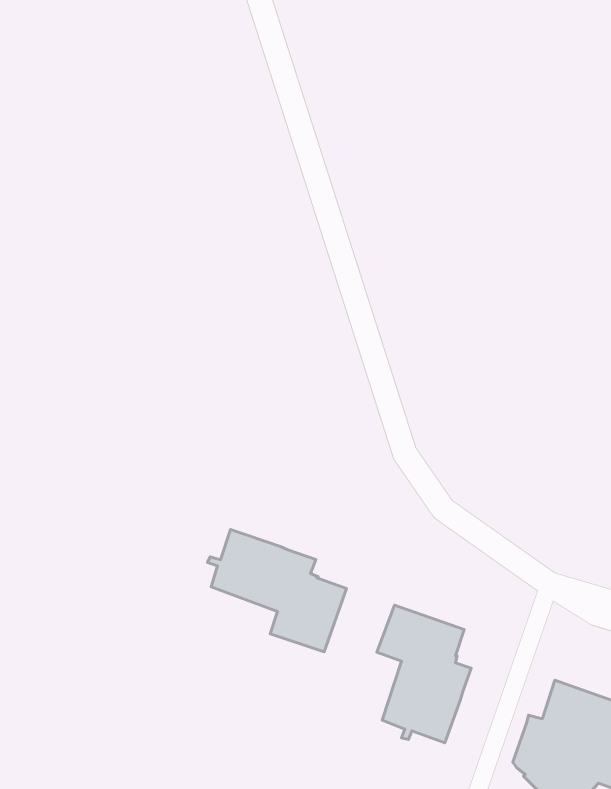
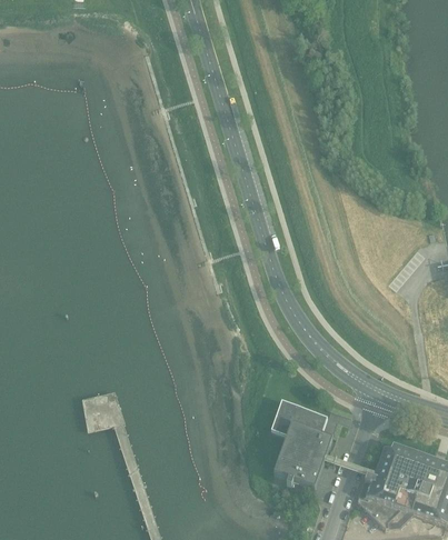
building: [207,529,346,652] -> none

